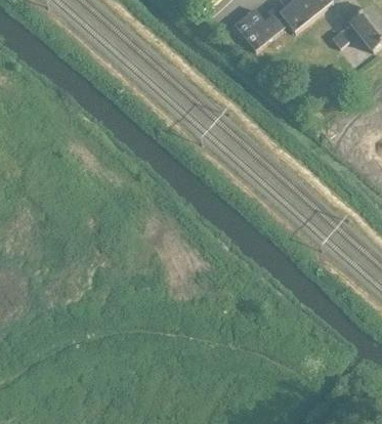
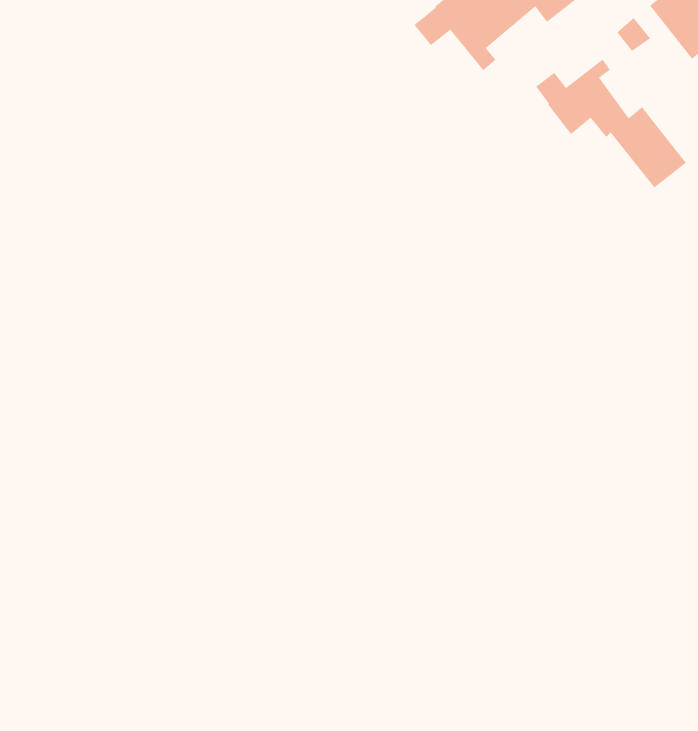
building: none -> [535,59,687,189]

